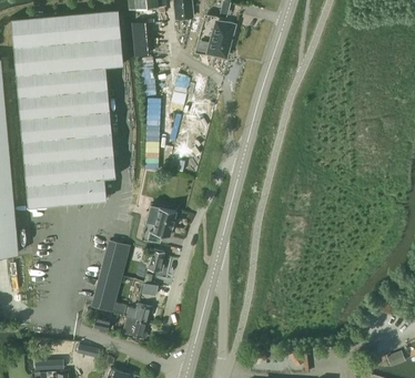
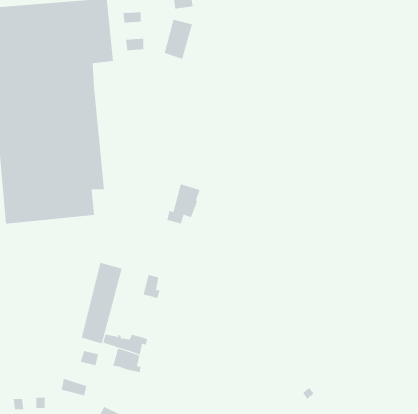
building: [207,22,233,58] -> [164,19,193,60]
building: [145,211,175,246] -> [166,184,200,224]

